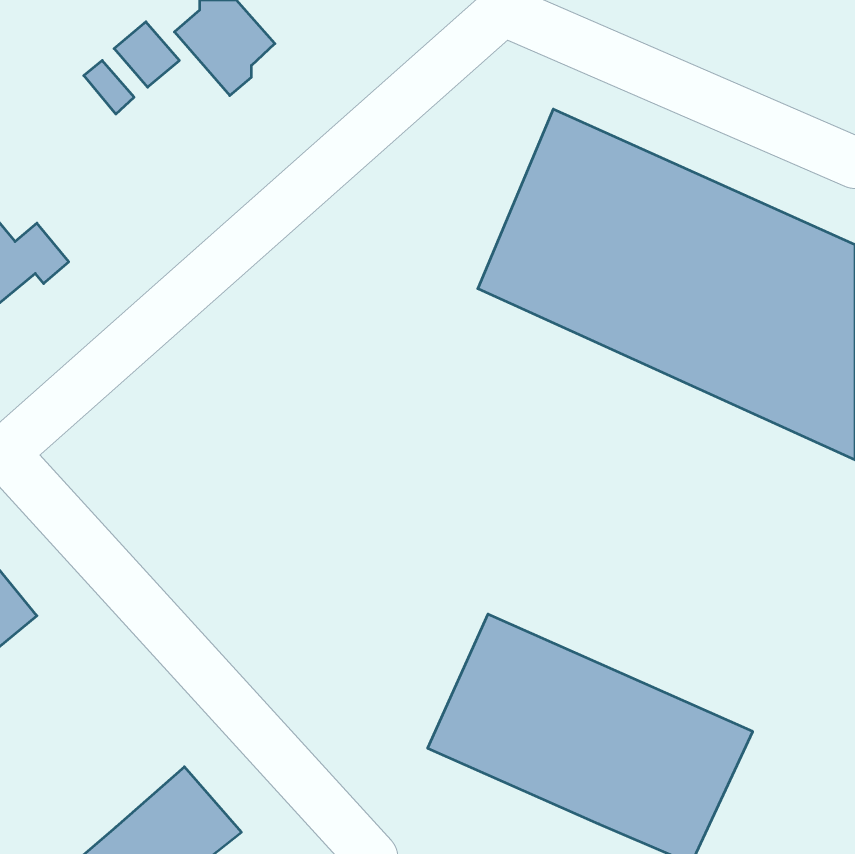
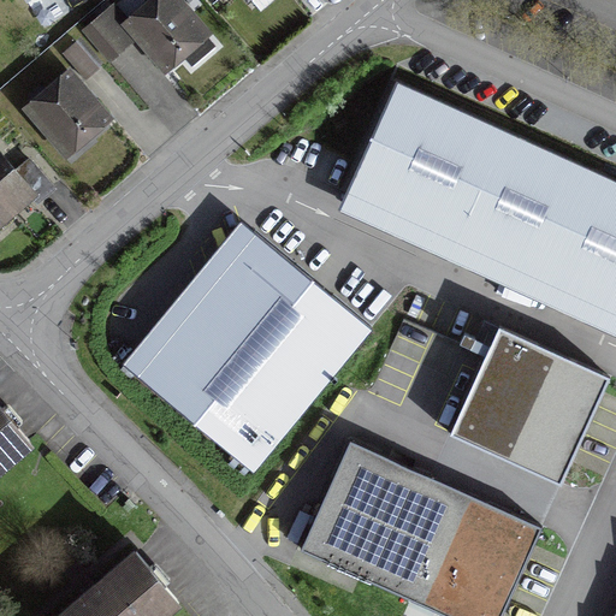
building: none -> [26,78,103,150]
building: none -> [125,227,366,472]
building: none -> [454,336,605,485]

